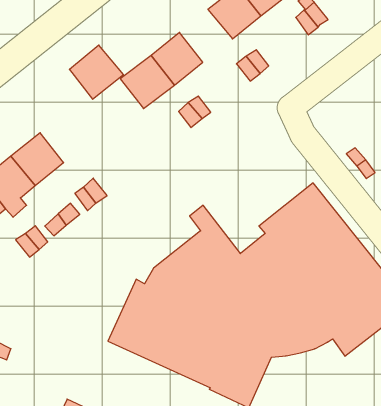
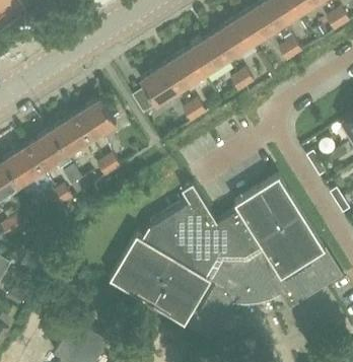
building: none -> [189,37,228,76]
building: [69,45,123,99] -> [75,100,116,141]

